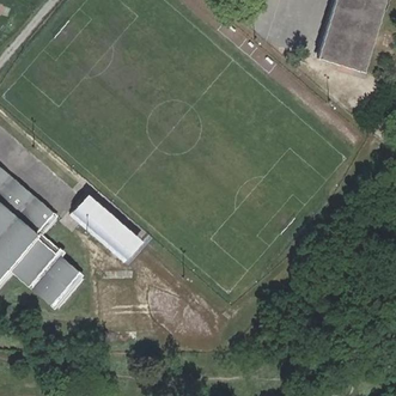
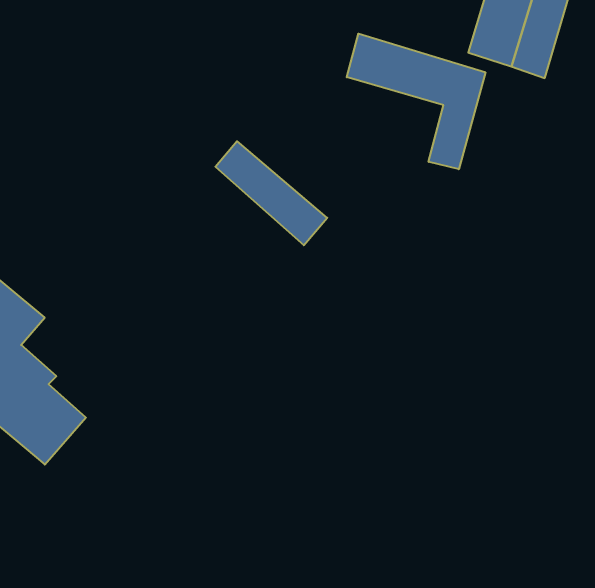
building: none -> [347,34,485,169]
building: [71,199,139,262] -> [215,141,327,245]

